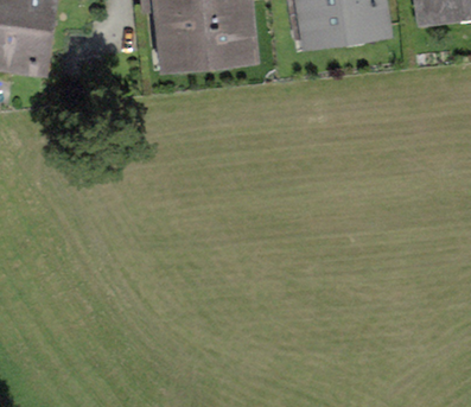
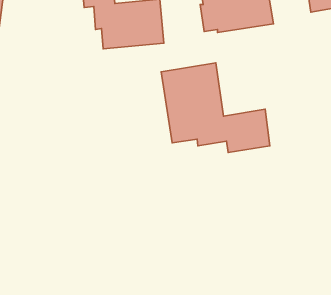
building: none -> [161,63,270,153]

